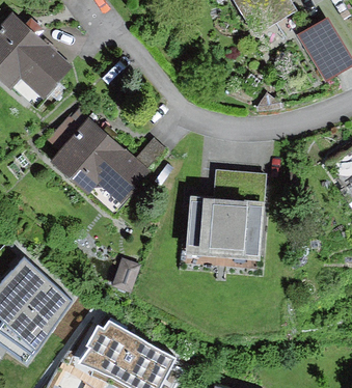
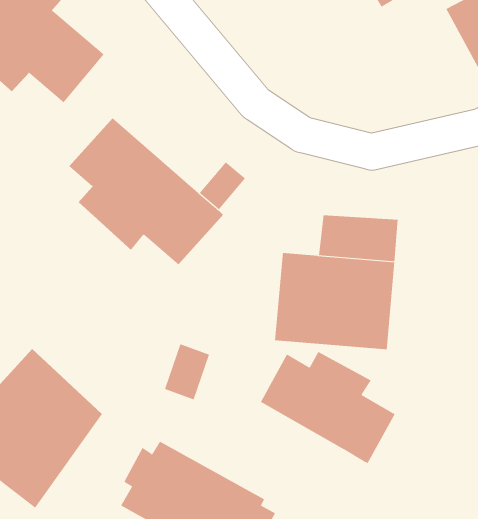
building: none -> [260,351,395,464]

